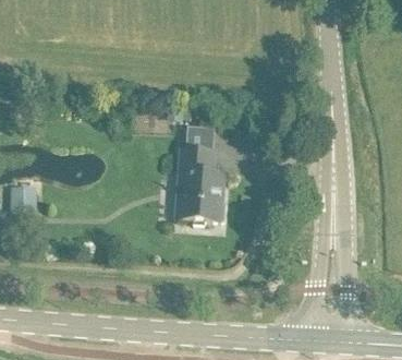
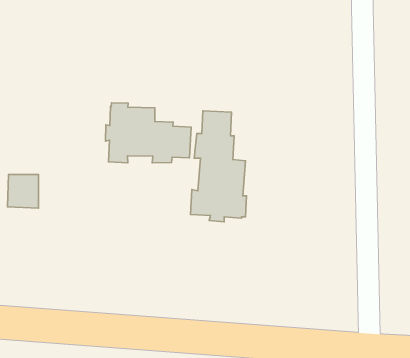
building: none -> [105,103,191,163]

